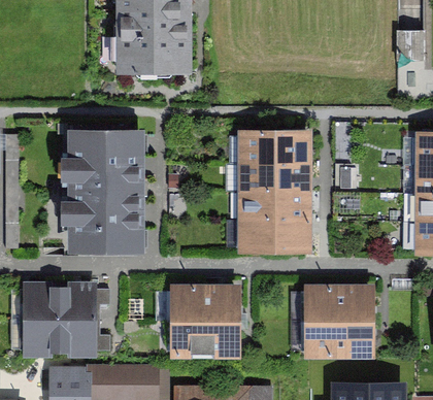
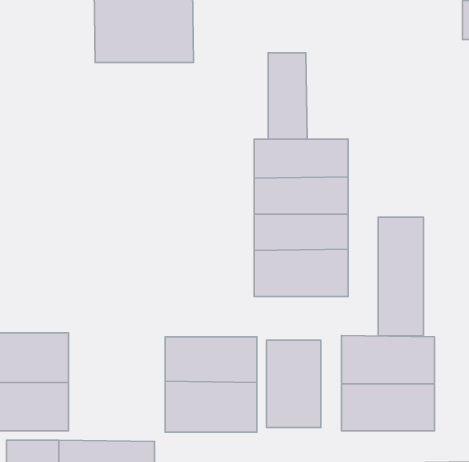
building: none -> [268,53,307,139]
building: [65,132,143,255] -> none
building: none -> [378,217,423,336]
building: none -> [266,340,321,427]

